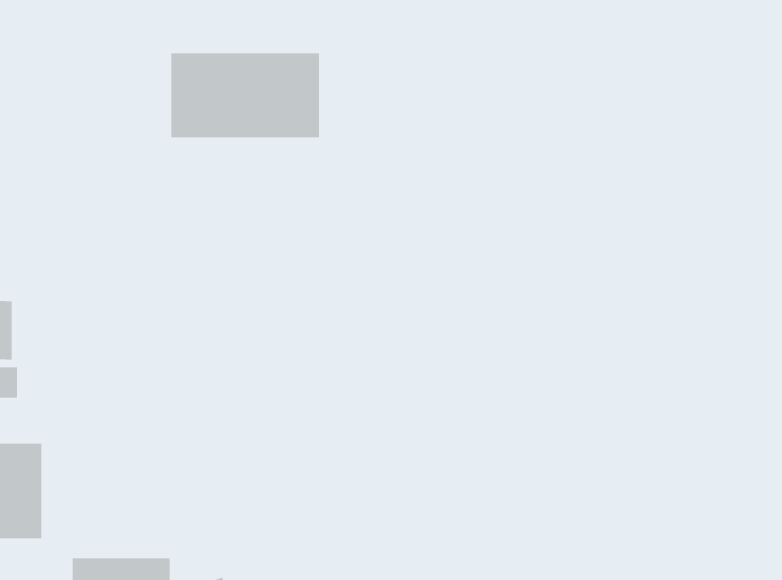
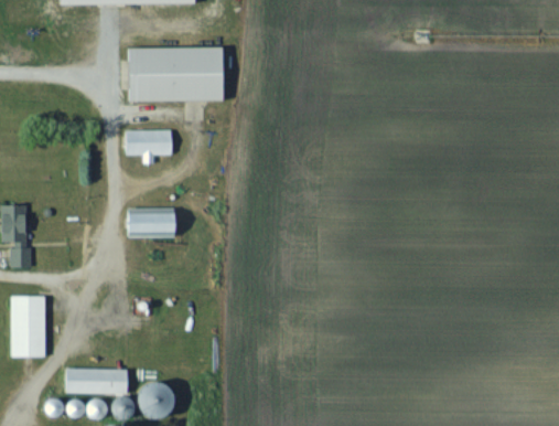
building: none -> [126,130,173,162]
building: none -> [126,207,174,237]

